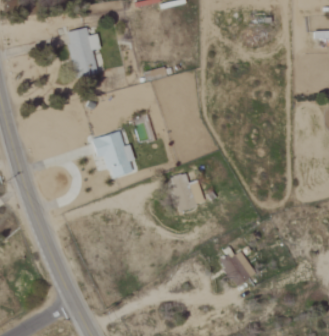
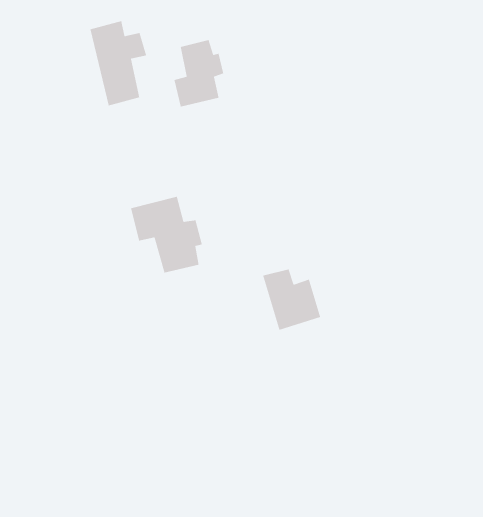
building: none -> [173,39,224,108]
building: [221,251,254,286] -> none

